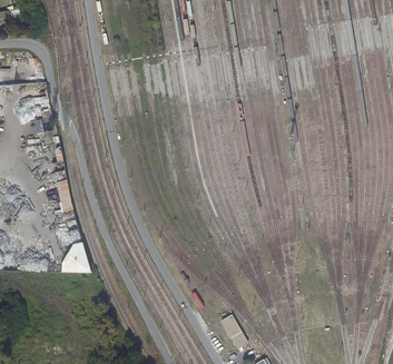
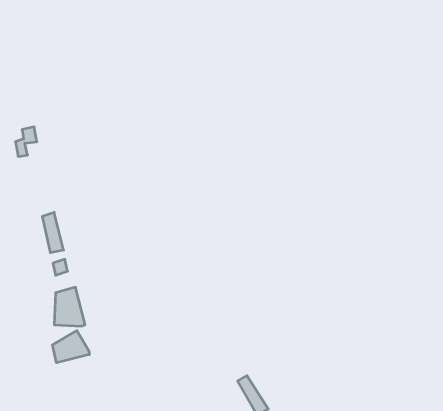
building: none -> [52,331,89,363]

